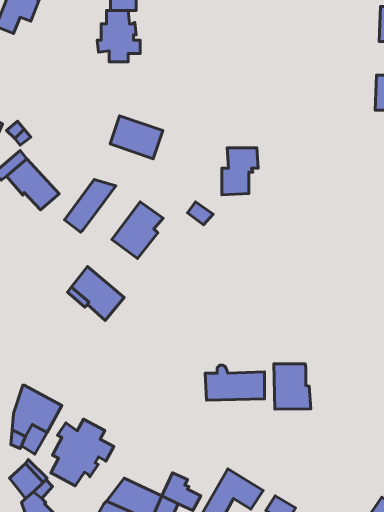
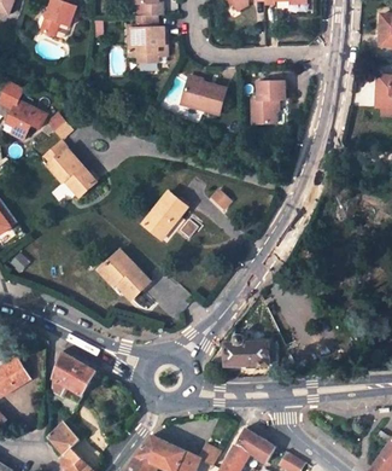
building: [110,116,163,159] -> [181,75,228,114]
building: [222,148,258,195] -> [252,81,285,123]
building: [64,180,116,232] -> none
building: [274,364,311,409] -> none
building: [51,419,114,486] -> none

